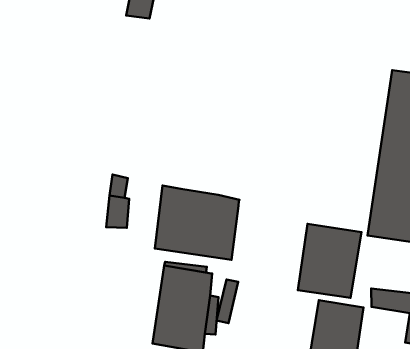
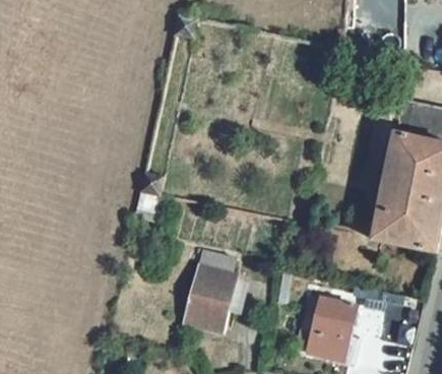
building: [155,185,239,260] -> none
building: [298,224,361,298] -> none

